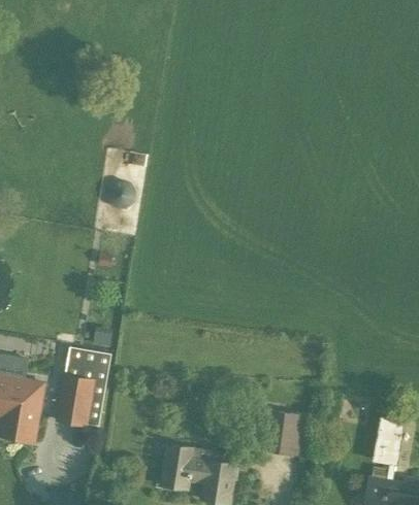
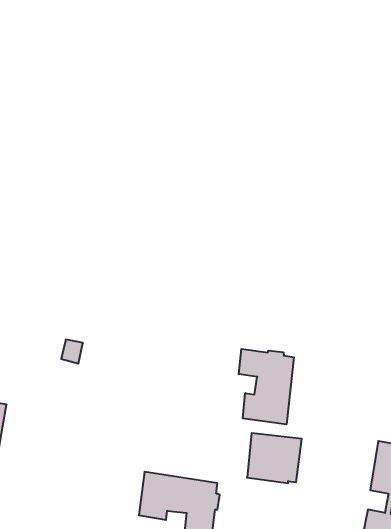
building: none -> [239,349,294,424]
building: [55,347,111,427] -> none

